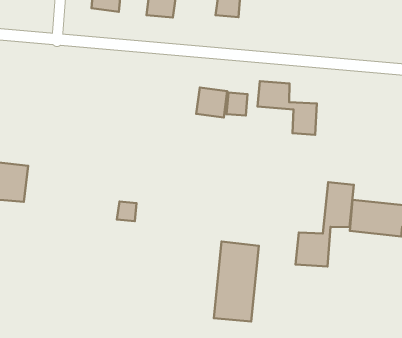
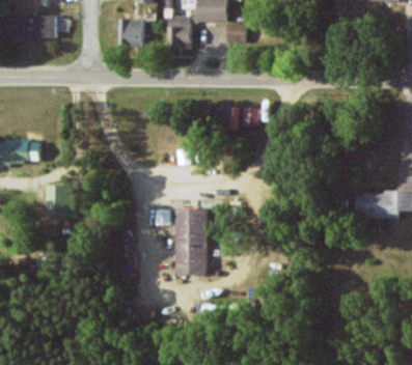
building: [258,81,317,135] -> none
building: [296,182,354,266] -> none
building: [214,241,259,321] -> [174,208,208,275]

